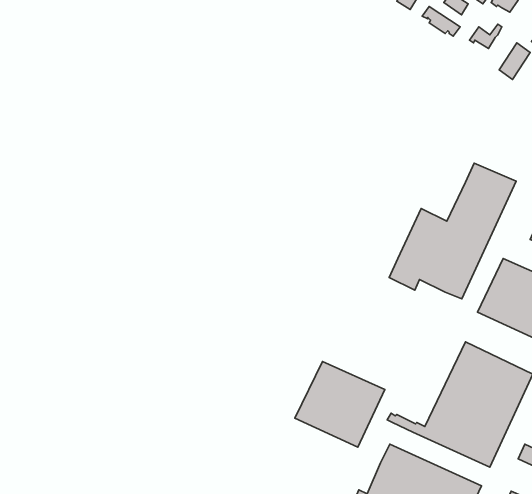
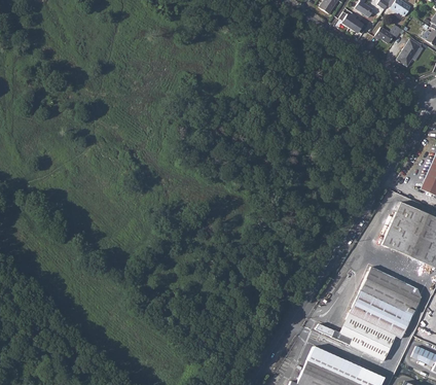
building: [389,163,516,299] -> none
building: [295,361,385,447] -> none

